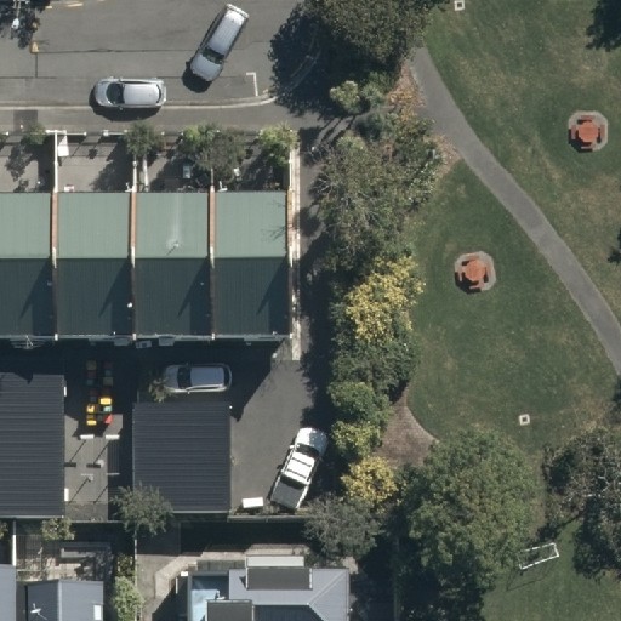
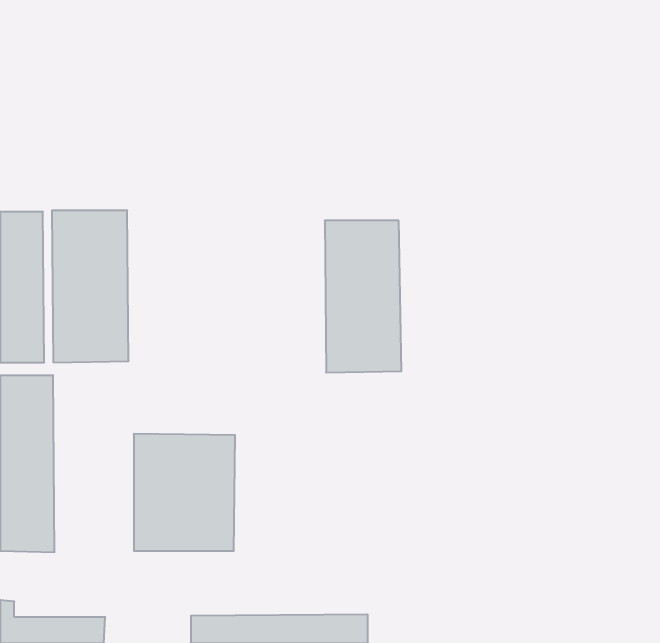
building: [132,195,204,337] -> none
building: [212,195,284,337] -> [325,221,401,373]

